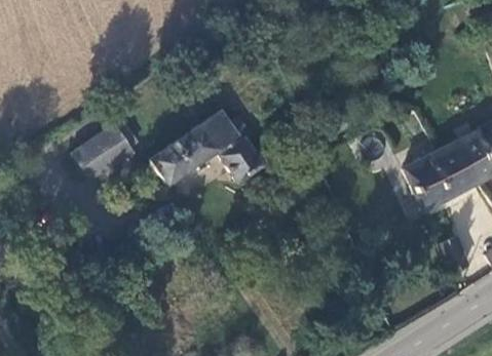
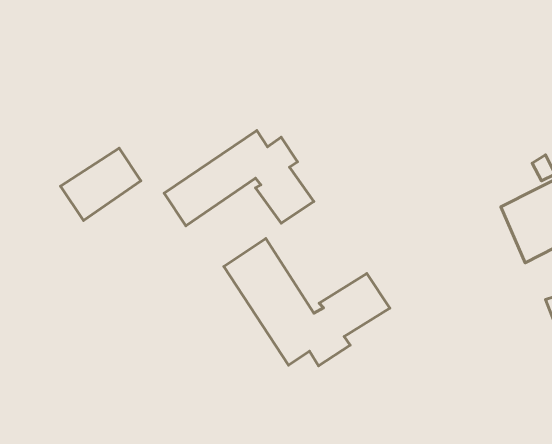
building: none -> [224,239,390,366]

